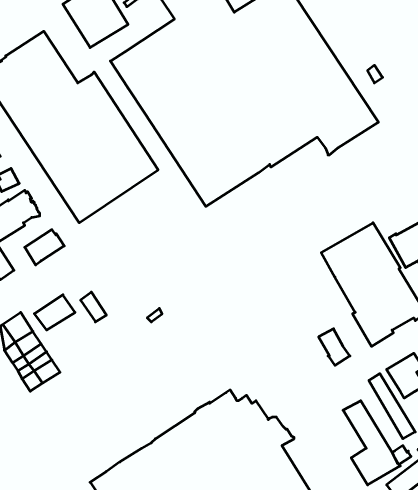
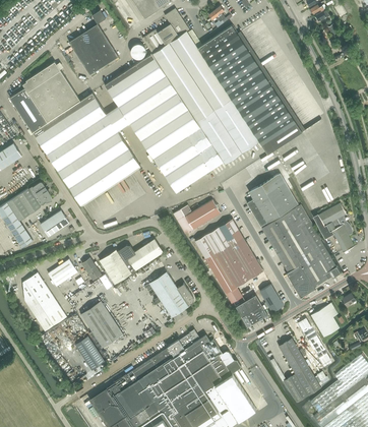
building: none -> [247,174,298,226]
building: none -> [173,199,221,234]
building: none -> [195,219,263,302]
building: none -> [100,239,164,284]
building: none -> [149,271,194,317]
building: none -> [236,295,267,326]
building: none -> [80,301,123,348]
building: none -> [75,336,105,370]

